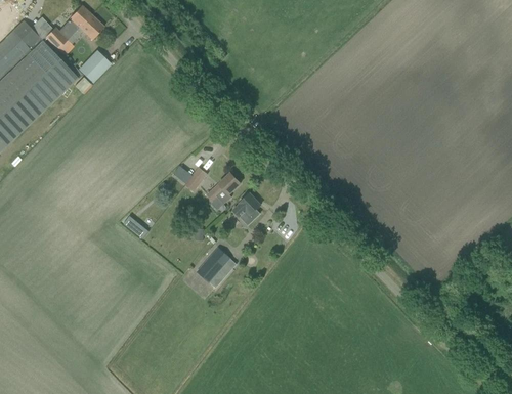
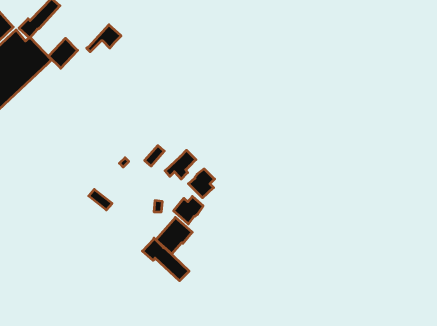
building: [66,14,103,44] -> [87,25,121,52]
building: none -> [174,196,203,224]
building: none -> [142,238,189,281]

